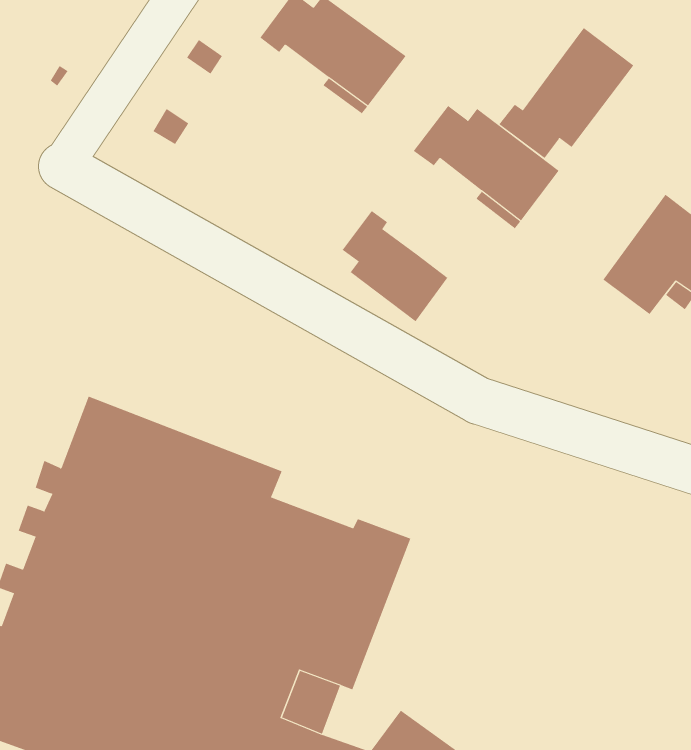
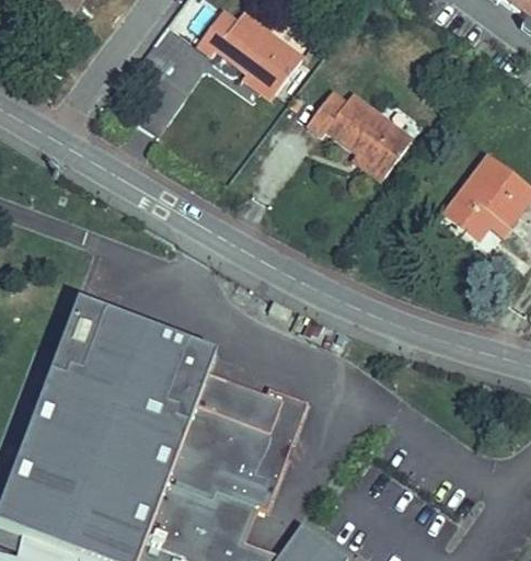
building: [498,27,634,159] -> none
building: [342,210,448,322] -> none

